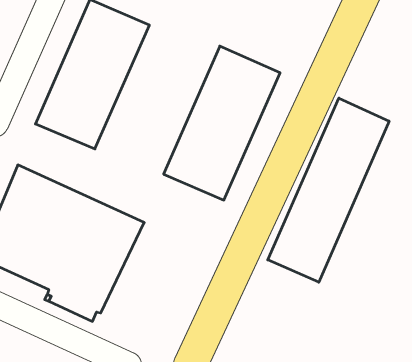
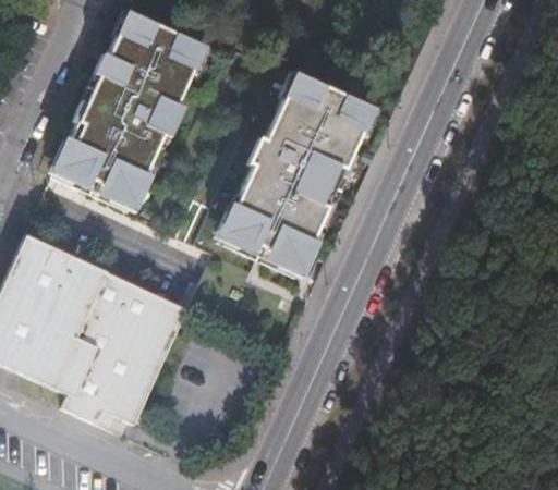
building: [268,98,389,282] -> none

